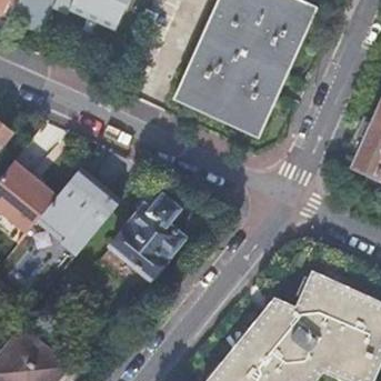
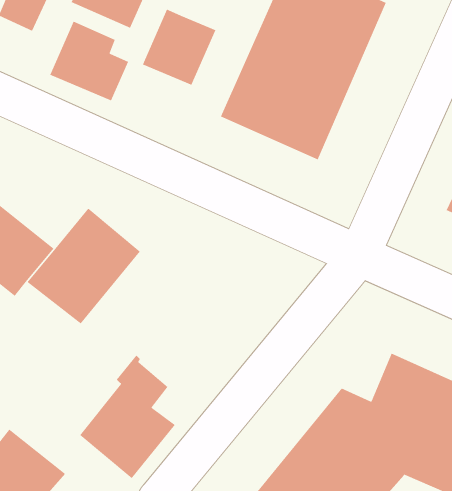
building: none -> [142,9,216,86]
building: none -> [49,21,129,101]
building: [112,186,186,280] -> [79,355,176,479]

